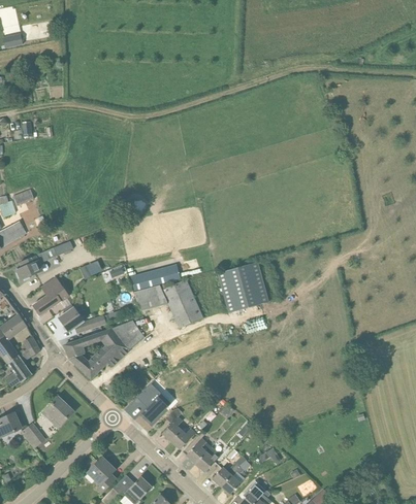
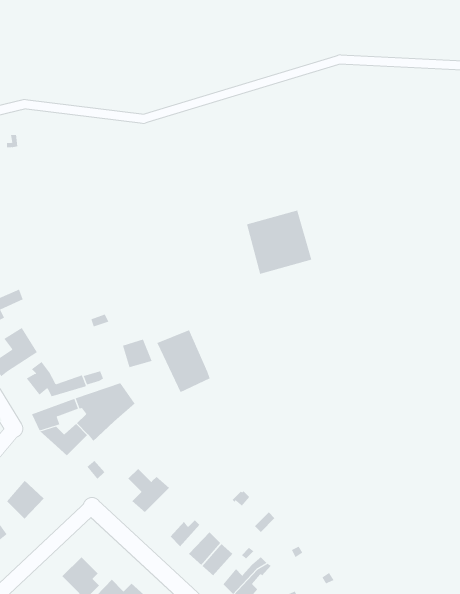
building: [217,263,268,313] -> [246,210,312,274]
building: [130,264,179,290] -> none
building: [161,408,183,441] -> none

